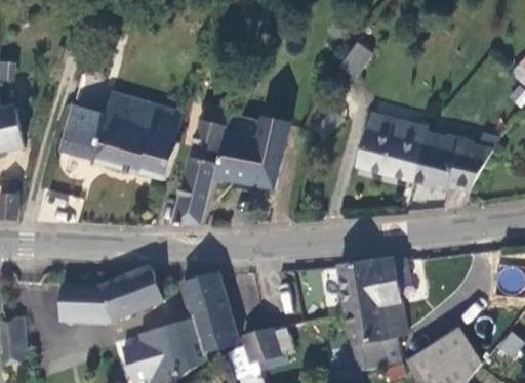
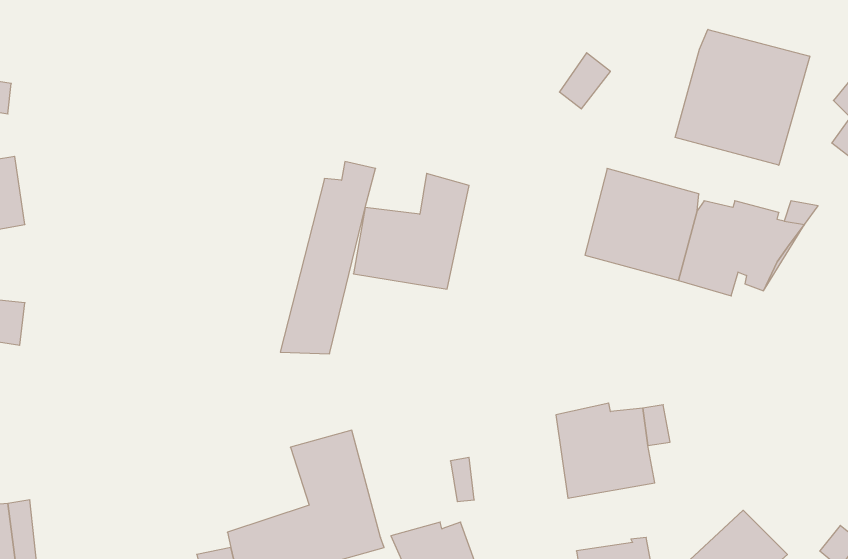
building: none -> [675,29,810,165]
building: [59,95,181,180] -> none
building: [60,267,162,320] -> none
building: [348,304,405,345] -> none

